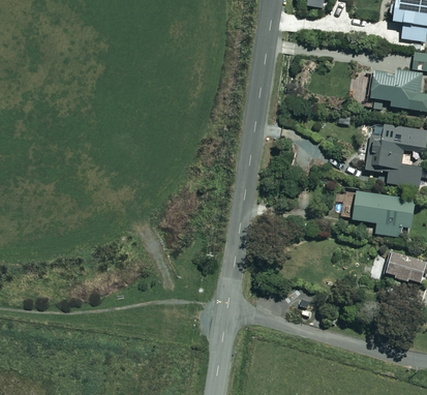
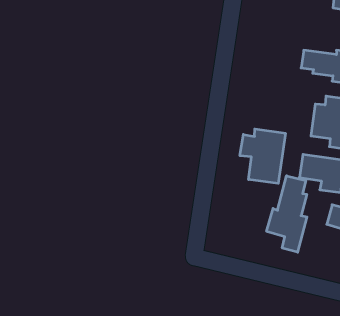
building: none -> [240,129,285,183]
building: none -> [267,176,307,252]

